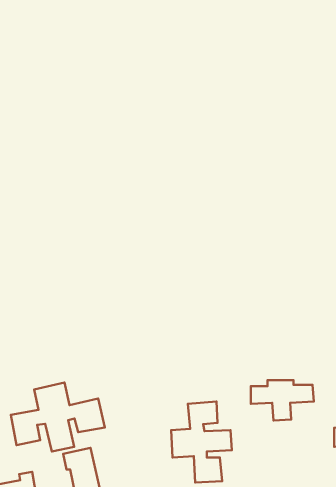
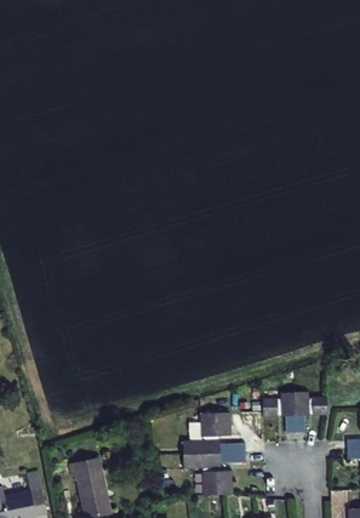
building: [11,383,105,452] -> none

